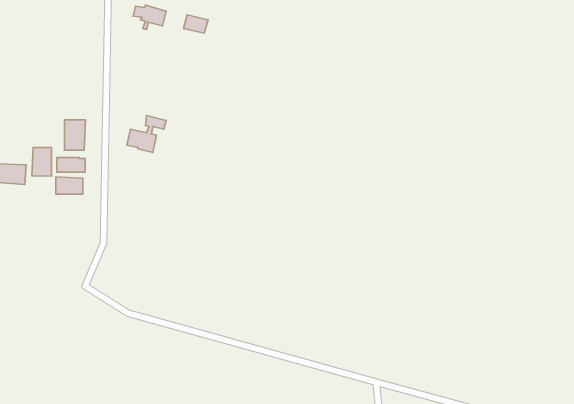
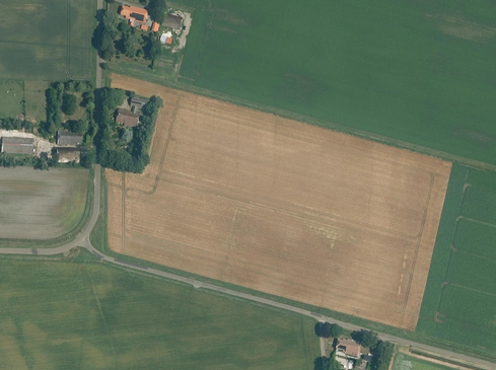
building: [64,120,86,150] -> none
building: [32,148,51,176] -> none

